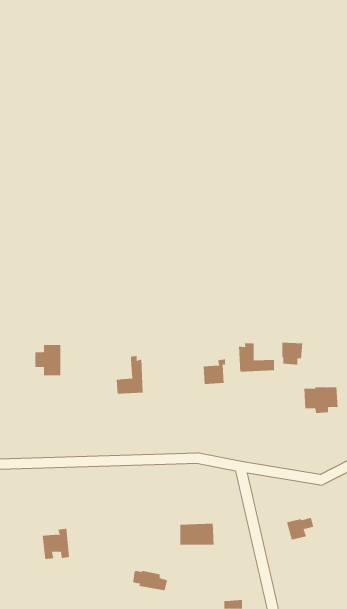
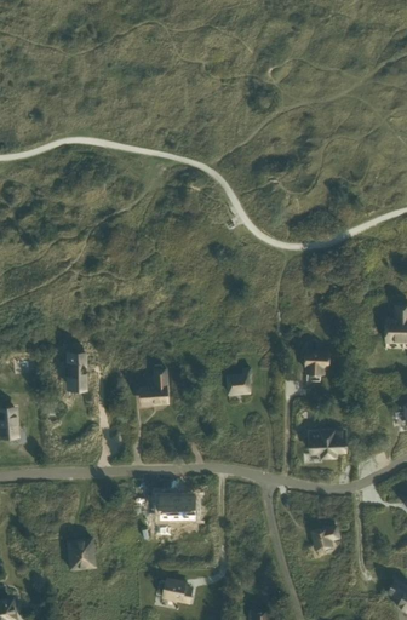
building: [238,343,275,373] -> none
building: [303,387,339,414] -> [310,430,345,457]
building: [179,523,215,545] -> [161,495,196,517]

